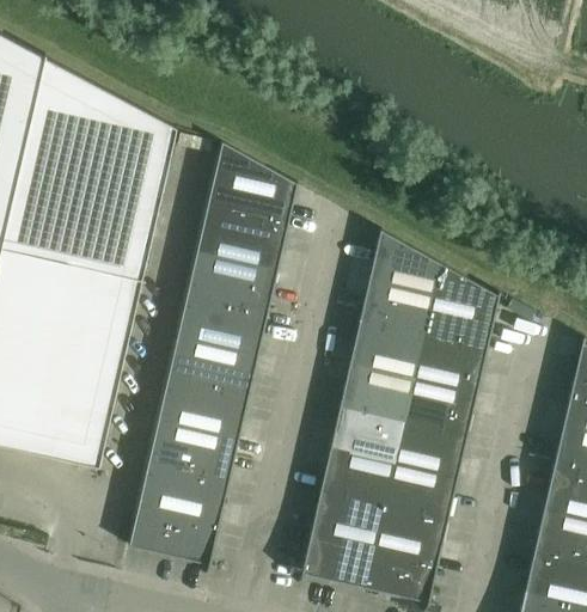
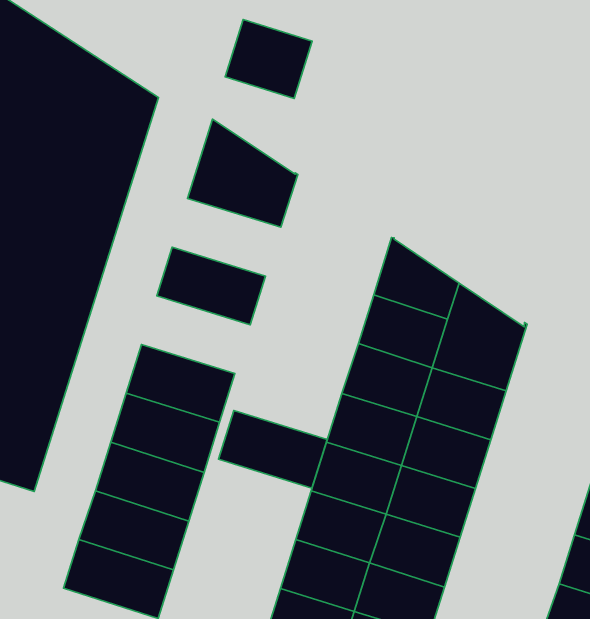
building: none -> [225,20,312,99]
building: [196,212,286,271] -> none
building: [177,295,267,355] -> [219,411,327,488]

